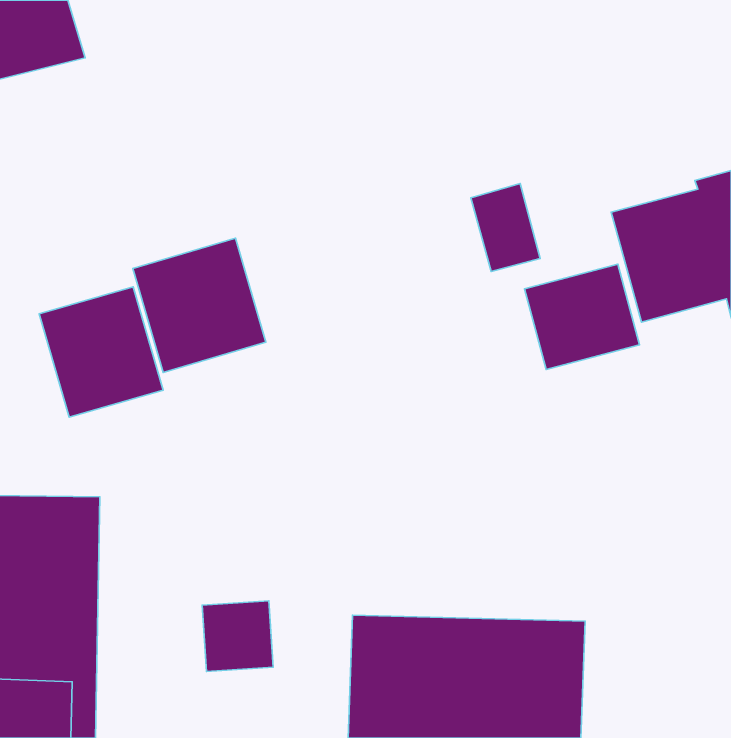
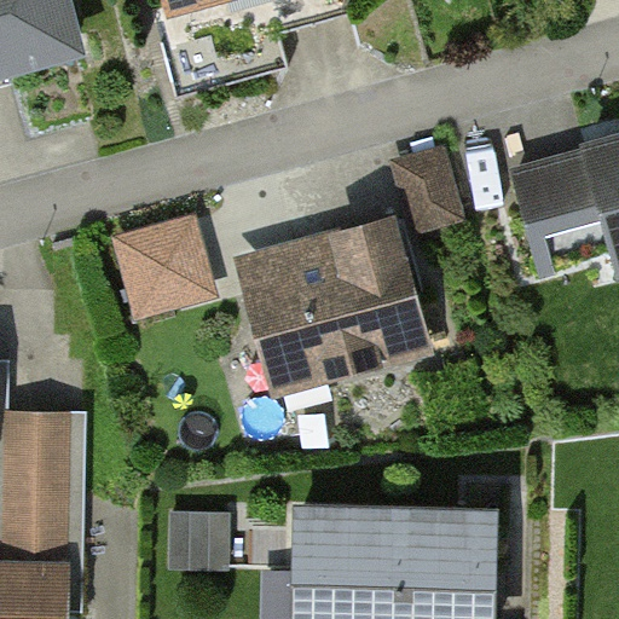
building: [525,264,639,369] -> none
building: none -> [247,224,422,386]
building: [39,287,163,417] -> none

